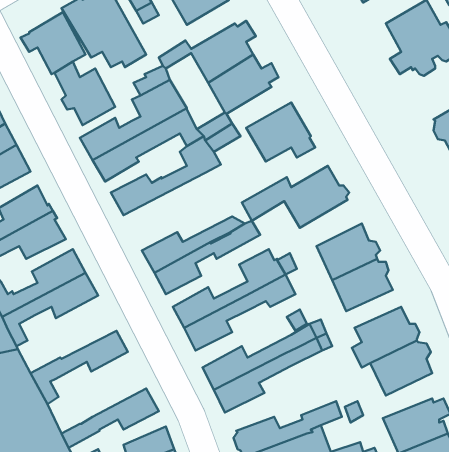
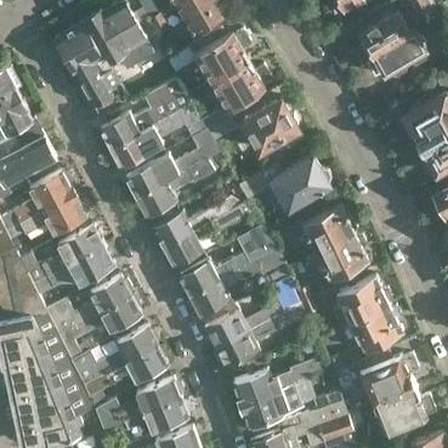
building: none -> [136,161,215,217]
building: none -> [44,278,130,334]
building: none -> [70,328,155,386]

